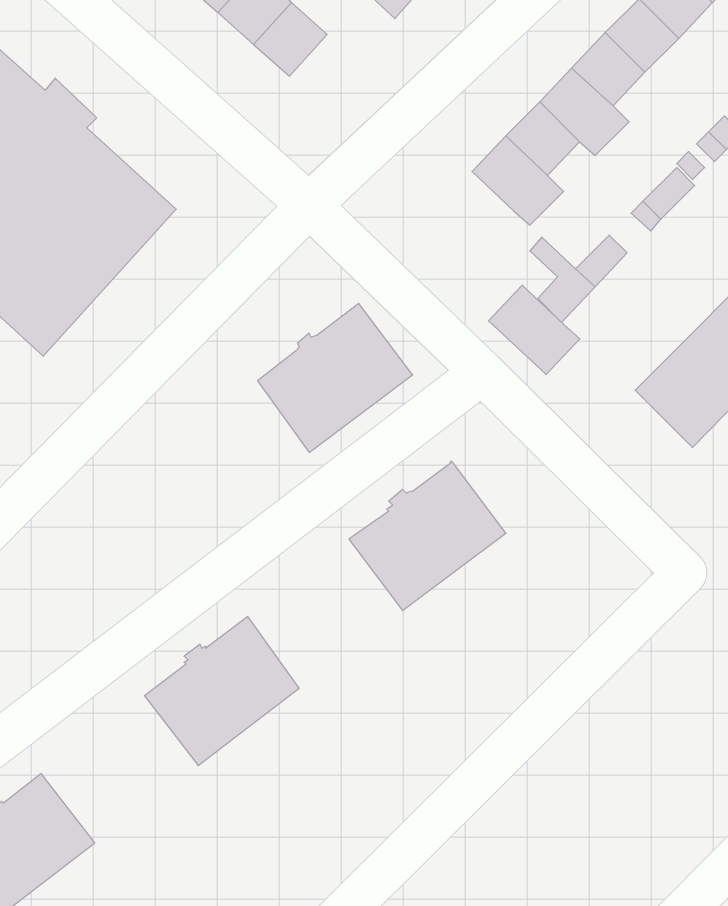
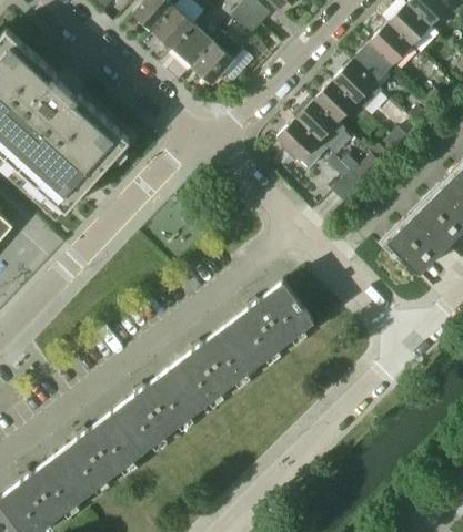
building: none -> [193,34,243,85]
building: [489,285,580,375] -> [276,121,328,171]
building: [258,303,413,452] -> [170,326,256,409]
building: none -> [54,413,142,495]

